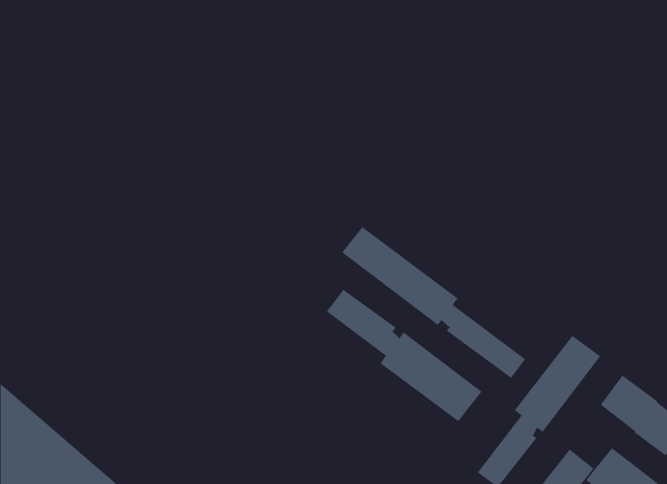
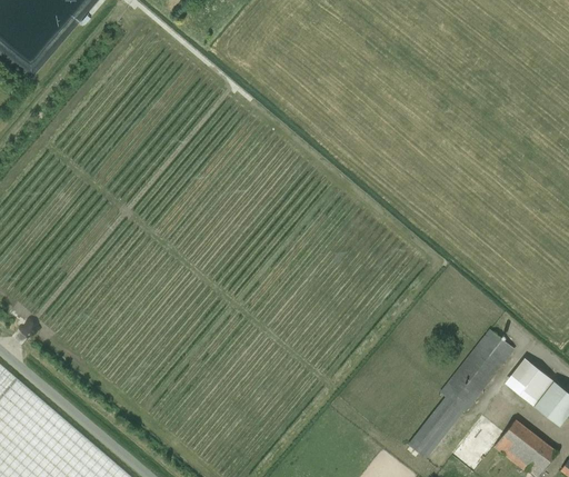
building: [341,226,526,379] -> none
building: [326,289,483,422] -> none

